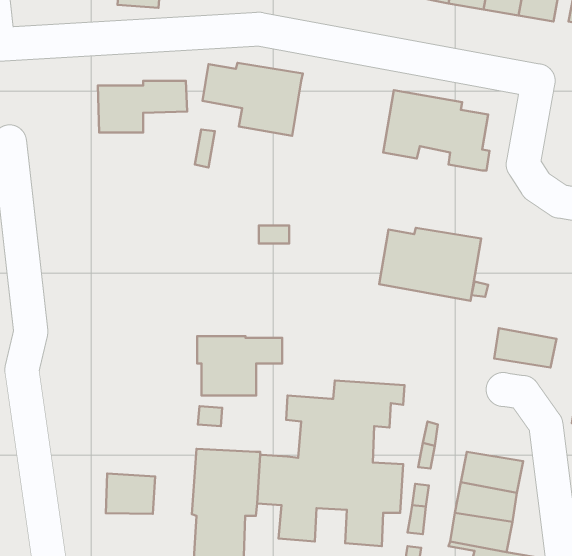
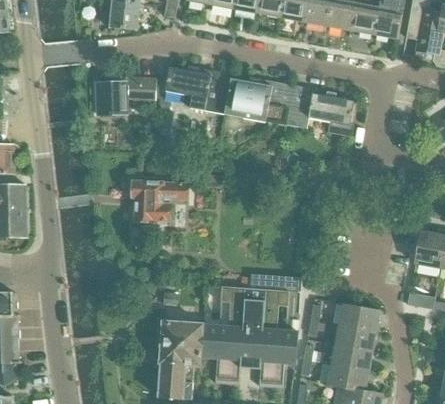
building: [379,228,481,301] -> [224,77,291,125]
building: [494,328,556,368] -> [339,302,380,328]
building: [197,336,282,396] -> [132,181,188,220]
building: [106,474,155,514] -> none

